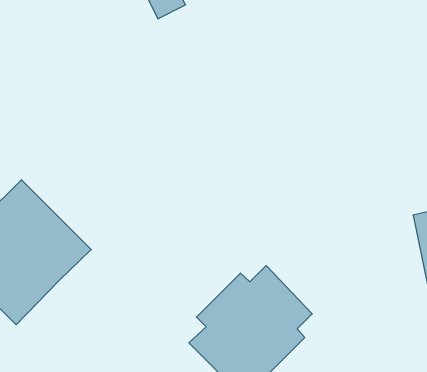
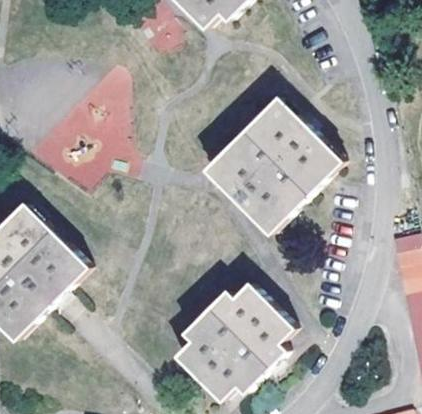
building: none -> [206,98,340,232]

